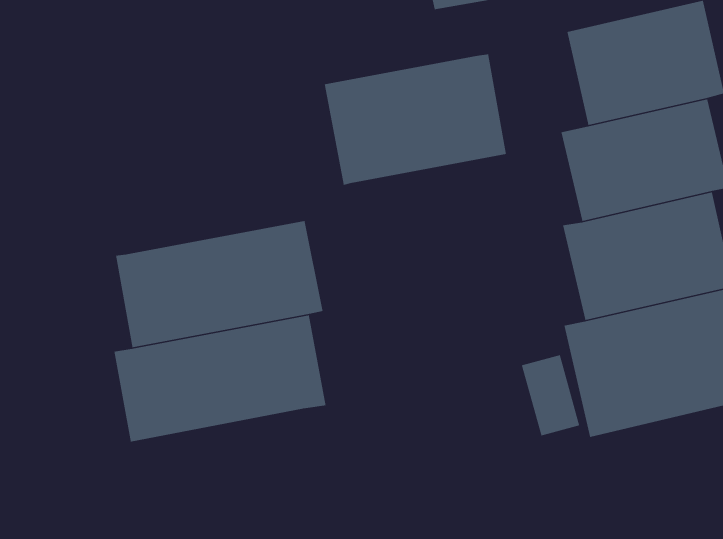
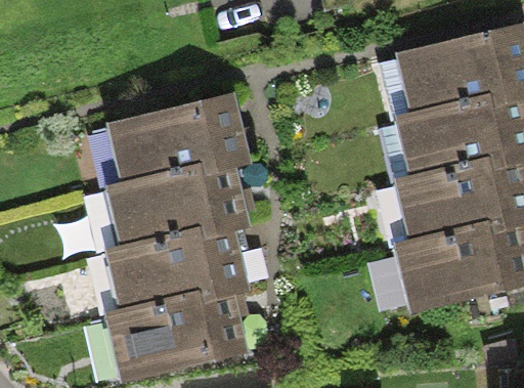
building: [324,53,507,186] -> none
building: none -> [99,98,247,190]
building: none -> [102,295,243,375]

